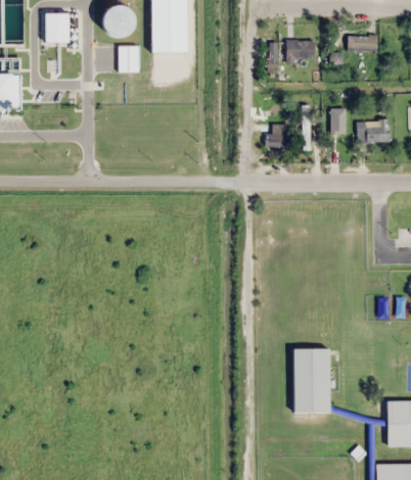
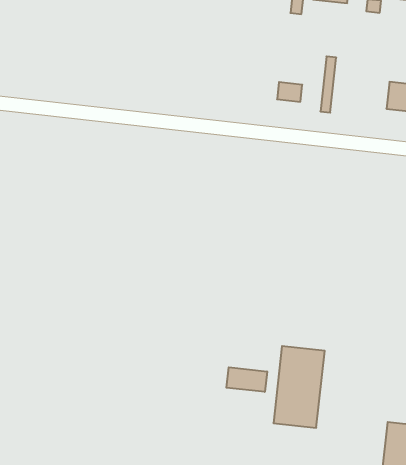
building: [330,109,347,138] -> none
building: none -> [226,367,267,392]

